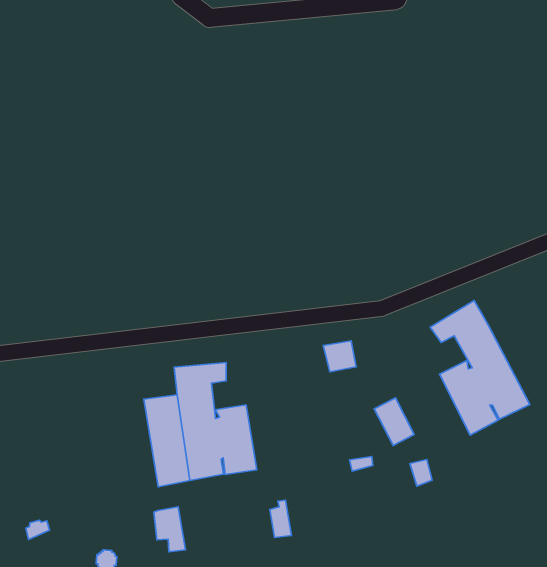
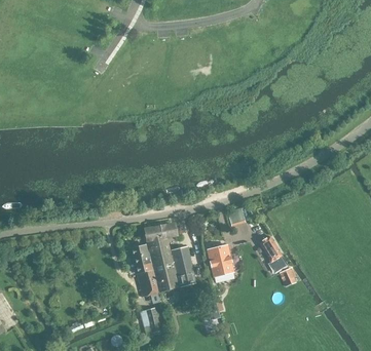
building: [430,301,530,435] -> none
building: none -> [203,245,233,276]

